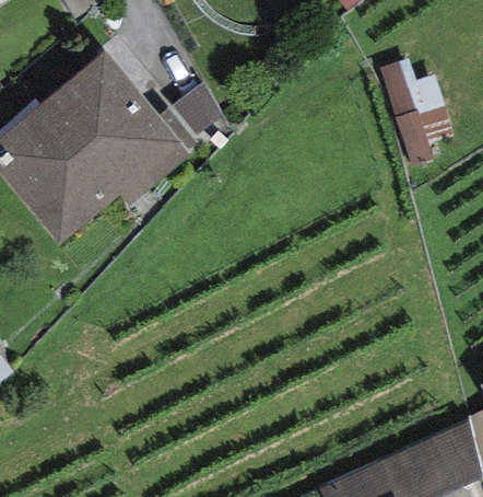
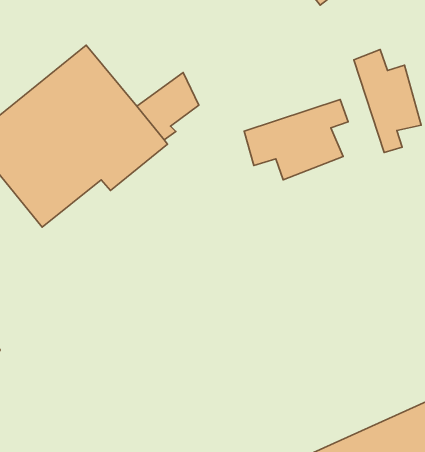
building: none -> [244,100,348,180]

